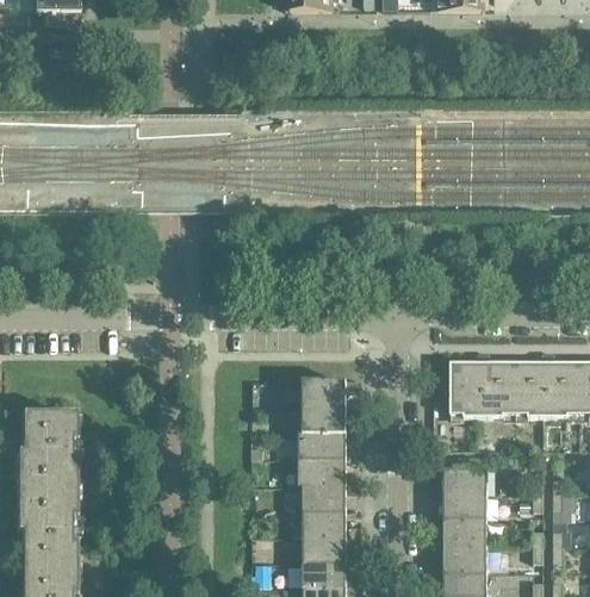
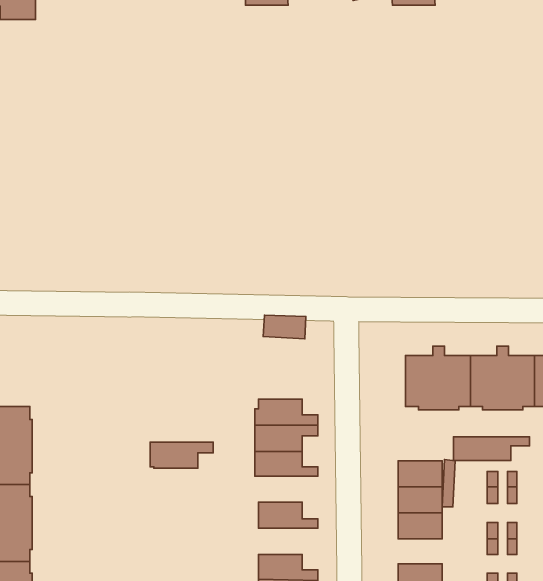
building: [299,379,362,405] -> none
building: none -> [454,437,530,461]
building: [299,483,362,509] -> [150,442,213,468]
building: [303,535,362,561] -> none
building: [443,546,487,571] -> none

